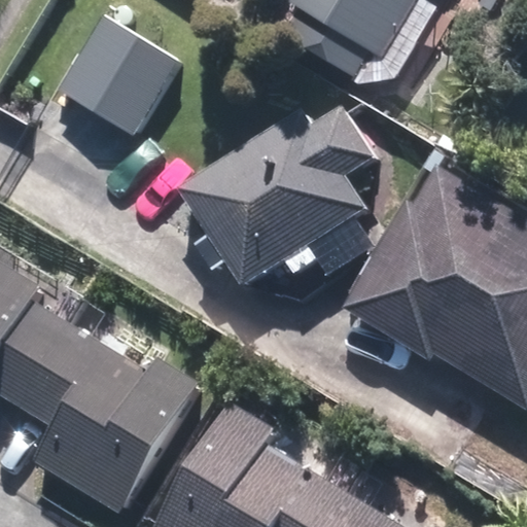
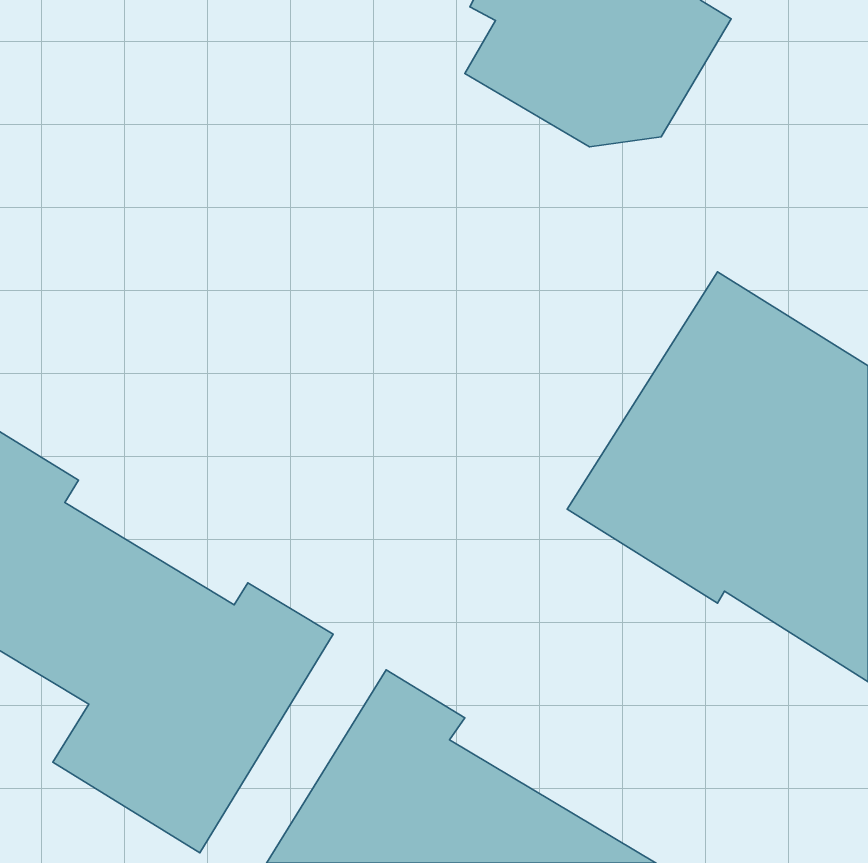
building: [59,12,181,135] -> none
building: [178,105,380,289] -> none

